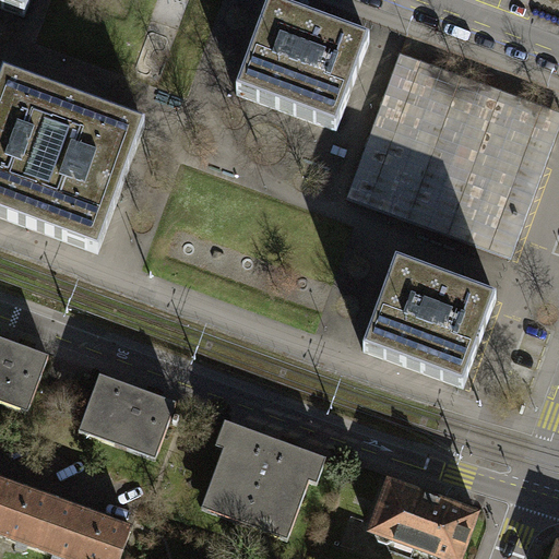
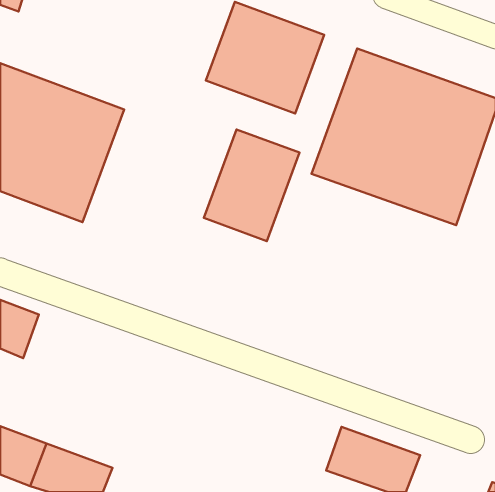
building: none -> [204,129,299,241]
building: [359,259,492,384] -> none
building: [79,372,173,449] -> none
building: [201,421,316,530] -> none

